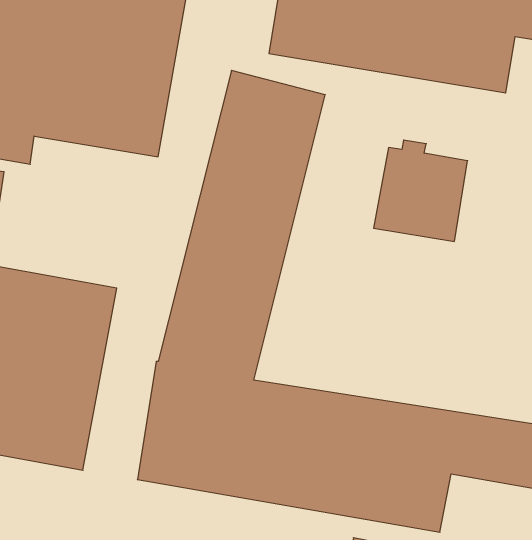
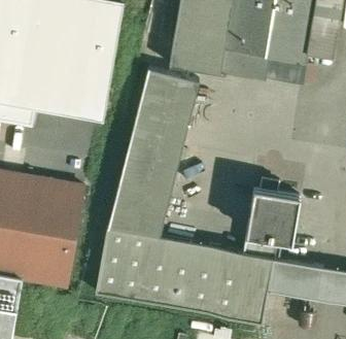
building: [374,140,468,241] -> [247,185,299,241]

